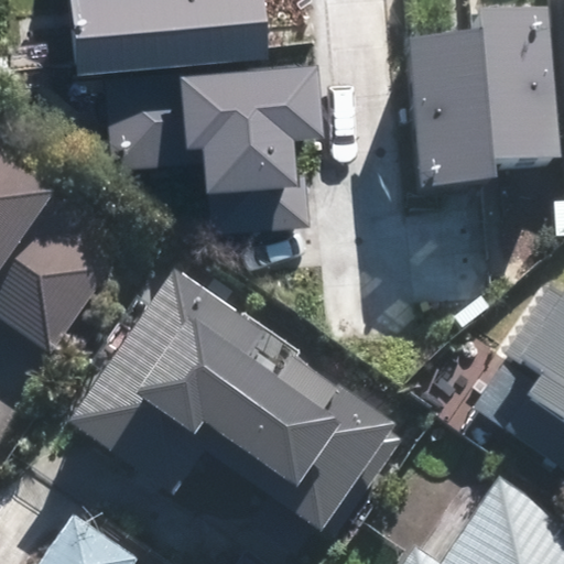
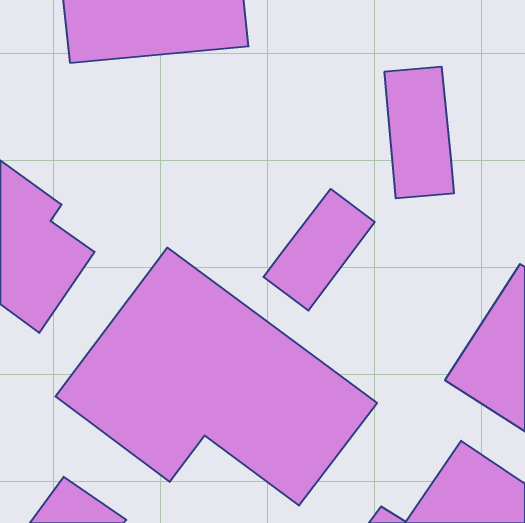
building: [470,24,550,171] -> none
building: [176,55,323,229] -> none
building: none -> [263,189,375,311]

